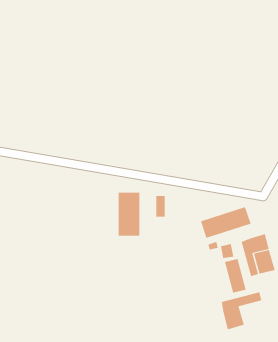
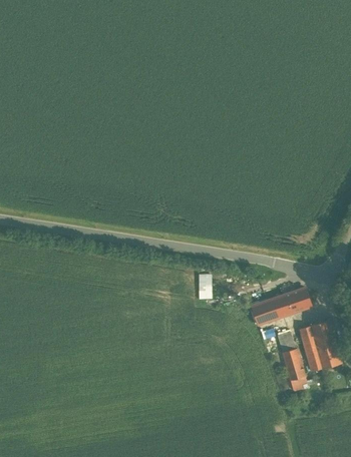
building: [118,192,140,236] -> none
building: [221,291,262,330] -> none

